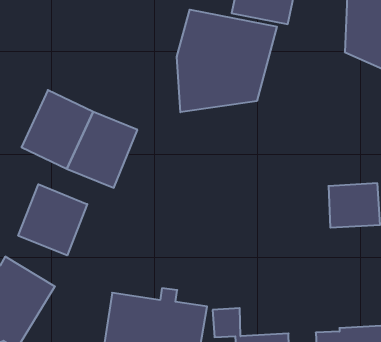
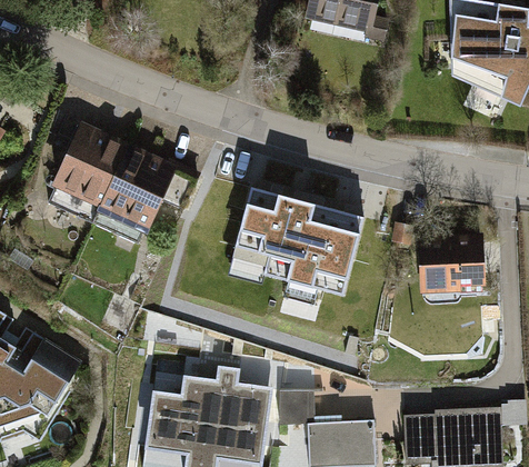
building: [177,10,277,112] -> none
building: none -> [223,191,365,311]
building: [18,184,87,255] -> none

